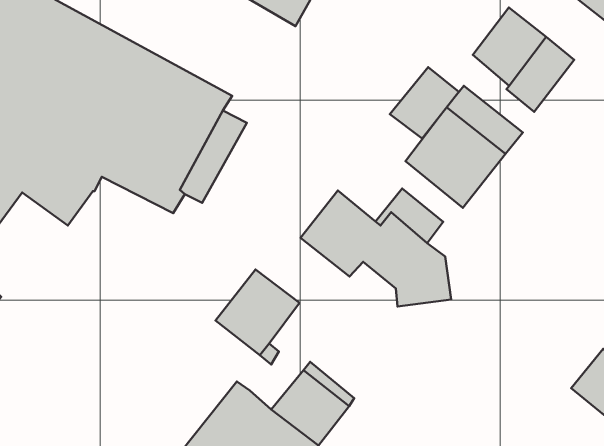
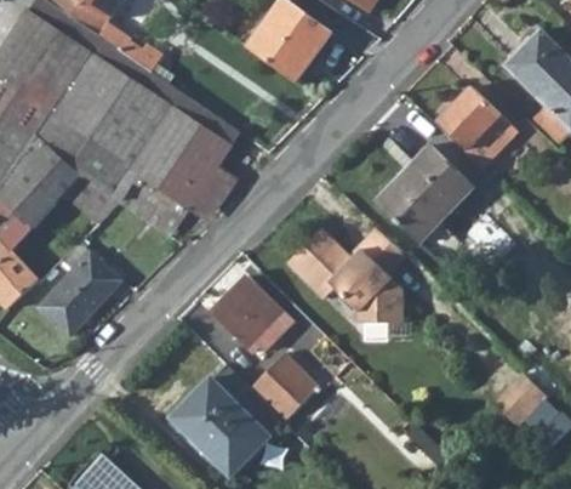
building: [390,67,459,138] -> none
building: none -> [39,254,120,334]

